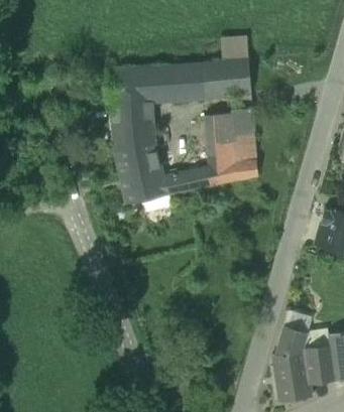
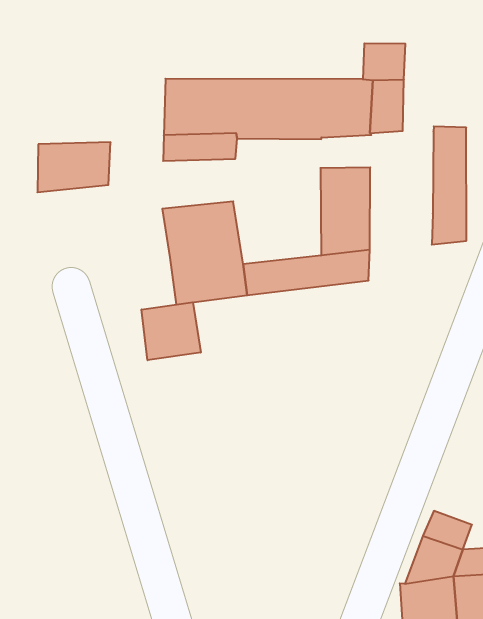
building: [233,110,258,180] -> [432,126,466,245]
building: [111,116,154,149] -> [37,142,111,192]
building: none -> [142,302,201,360]

